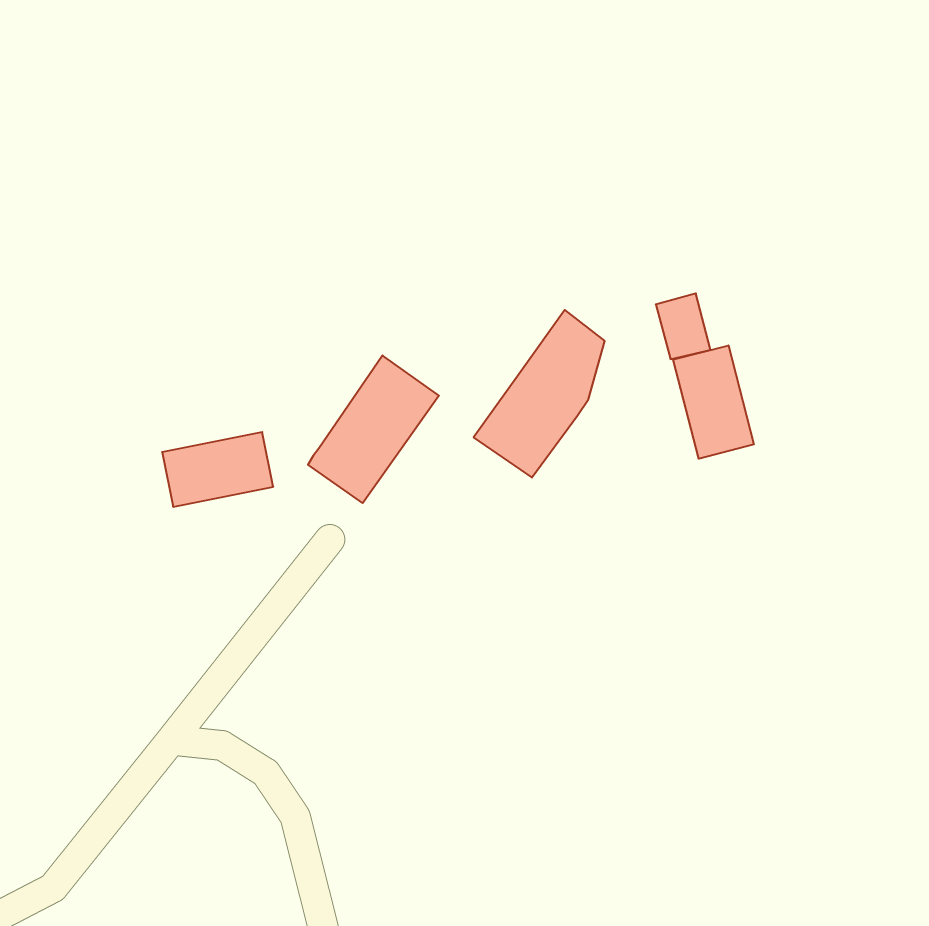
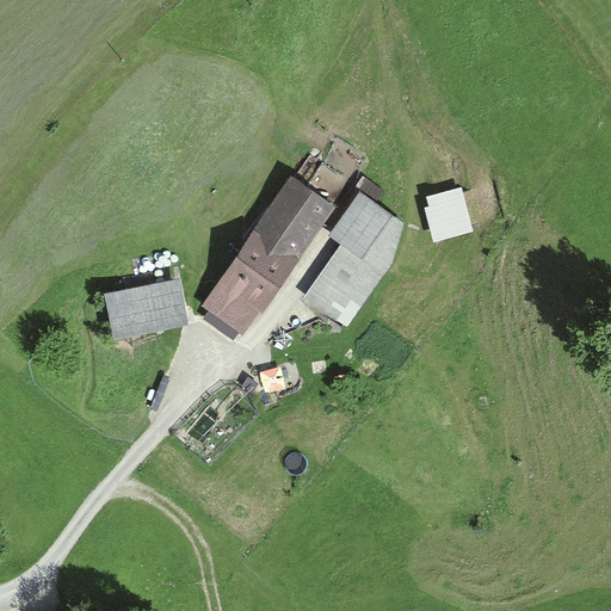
building: none -> [252,148,351,263]
building: [673,345,754,459] -> none

